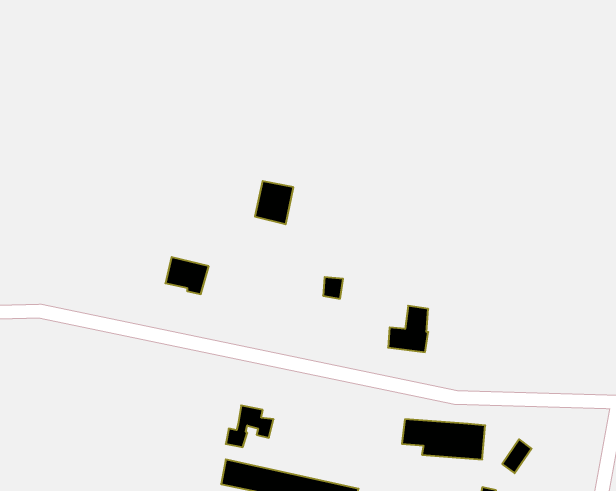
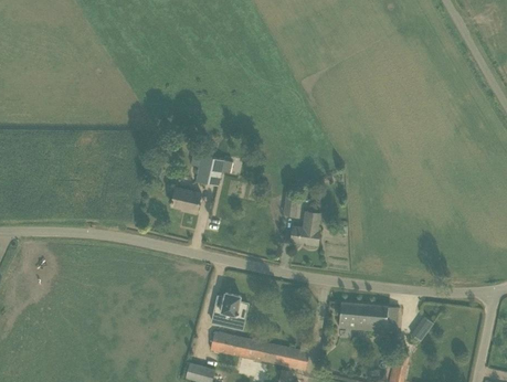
building: [255,181,293,224] -> [196,155,223,185]
building: [388,306,428,352] -> [291,211,319,244]

